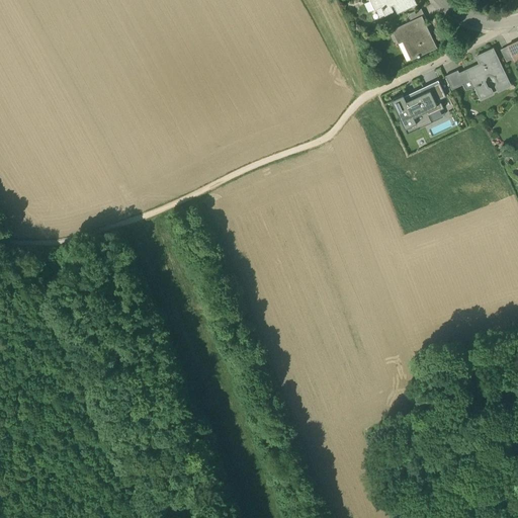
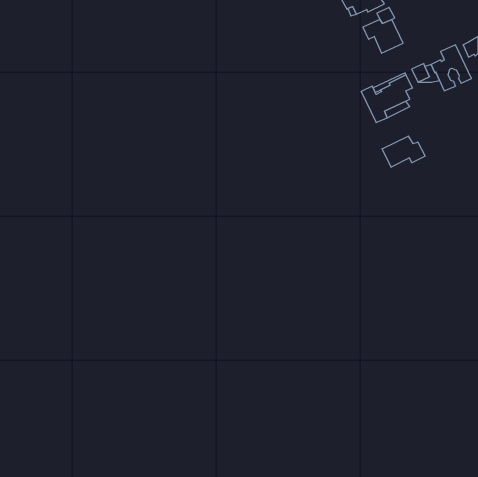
building: none -> [382,136,425,167]

